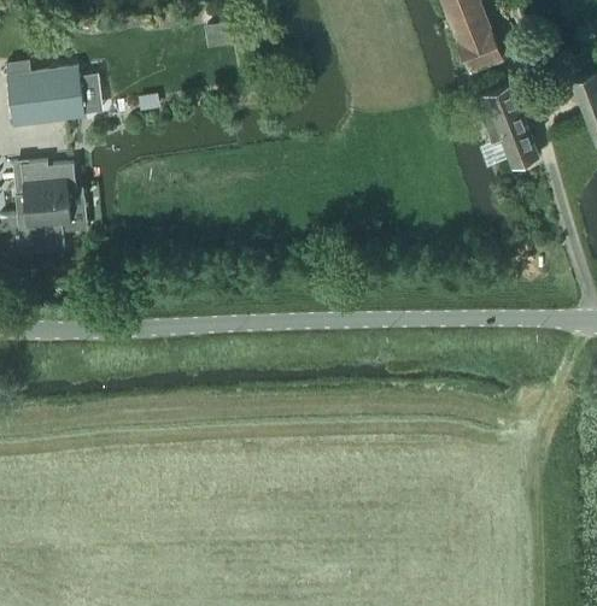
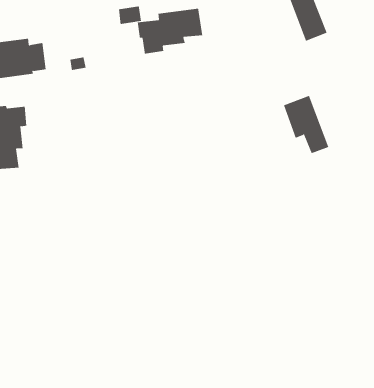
building: none -> [137,8,203,54]
building: [473,82,538,165] -> [283,95,329,154]

